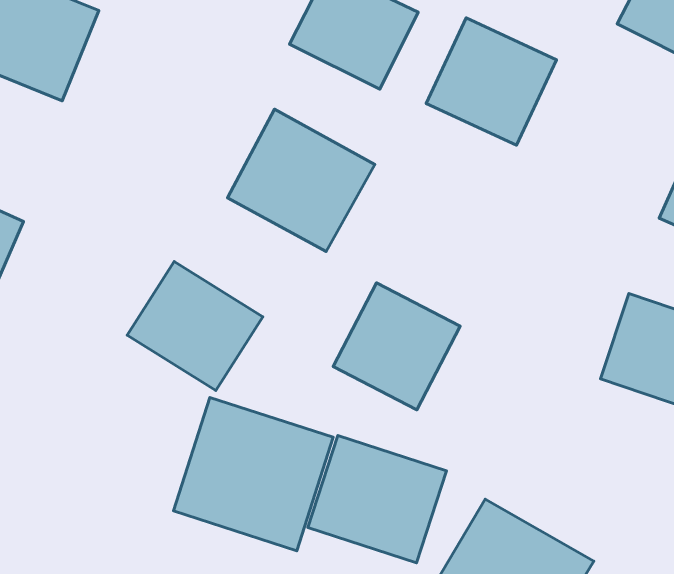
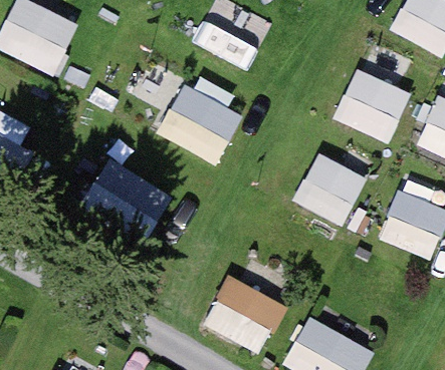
building: [426,18,557,145] -> [333,66,412,142]
building: [333,283,460,410] -> [293,149,370,226]
building: [174,397,333,551] -> none

